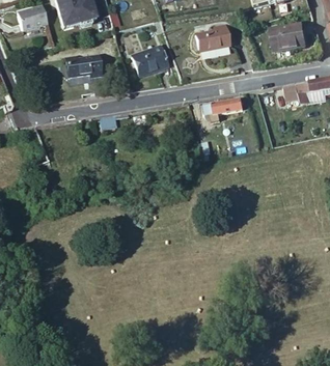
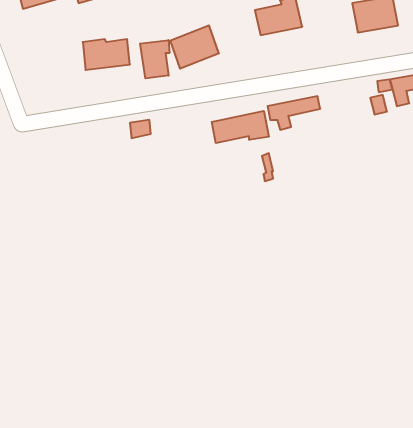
building: none -> [140,40,169,78]
building: none -> [212,111,269,143]

